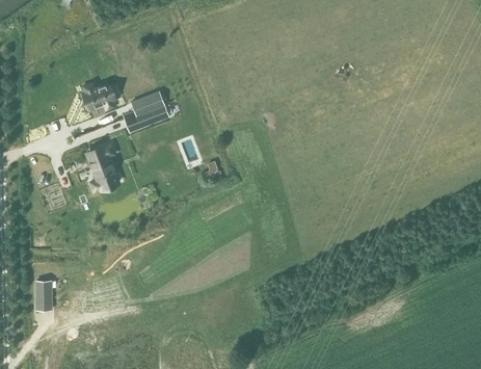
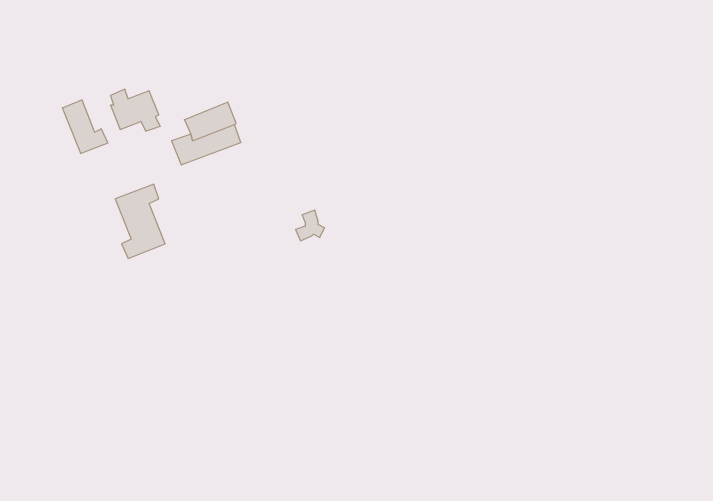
building: none -> [62,100,108,154]
building: [35,281,51,311] -> none

